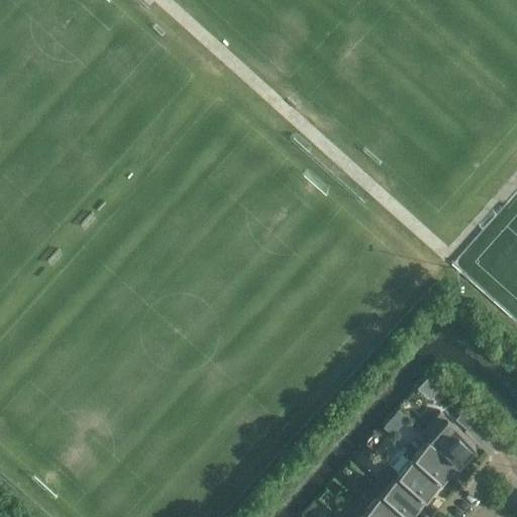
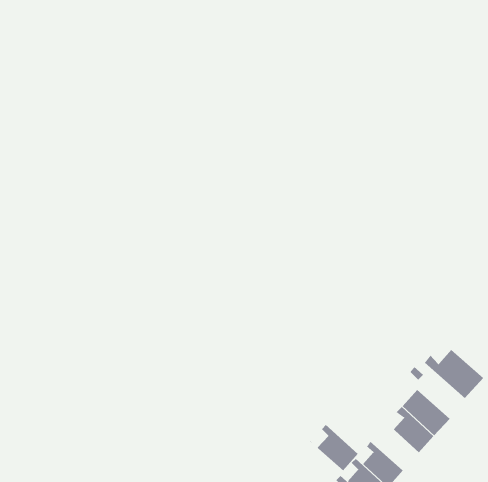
building: none -> [424,342,484,399]
building: [392,454,443,504] -> [310,424,358,471]

